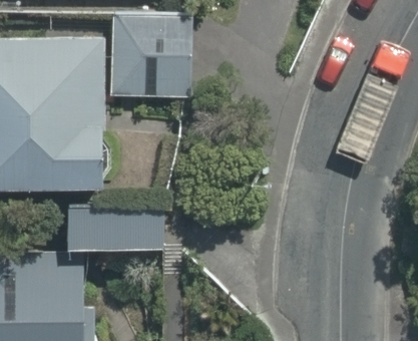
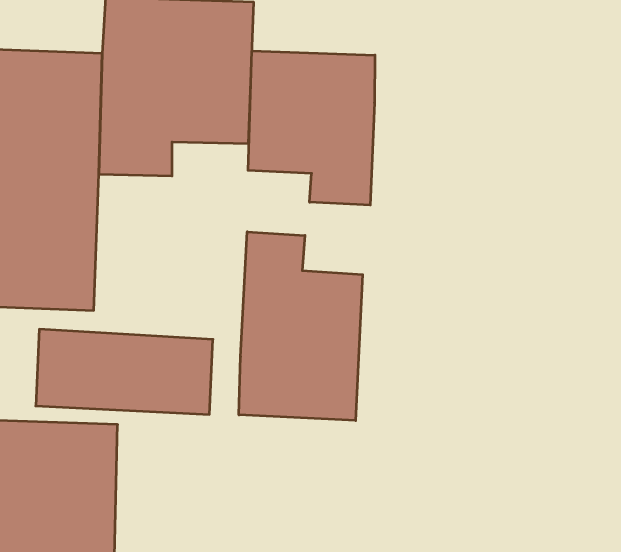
building: none -> [248,51,375,205]
building: none -> [239,232,363,421]

